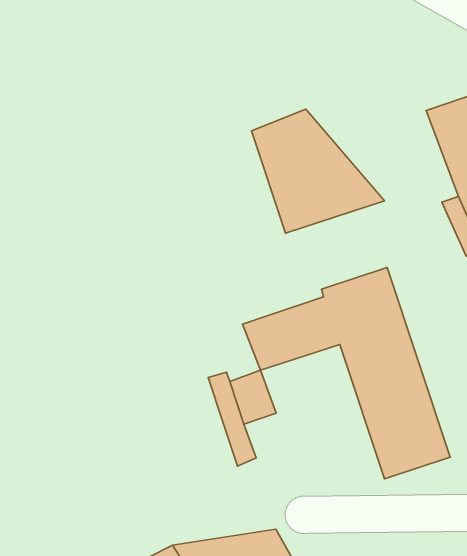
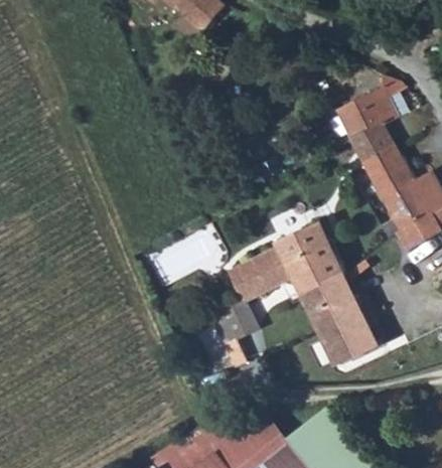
building: [251,109,384,233] -> none

